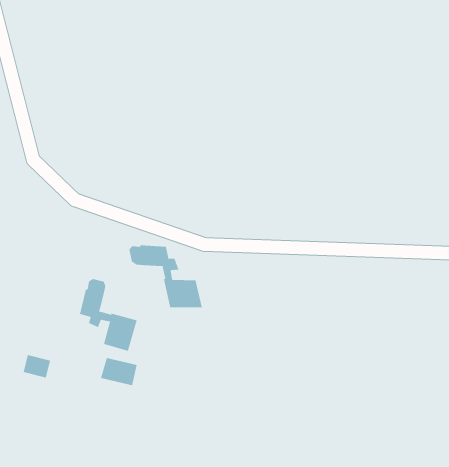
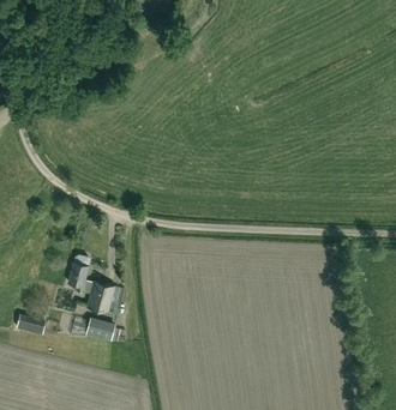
building: [129,245,202,308] -> none

